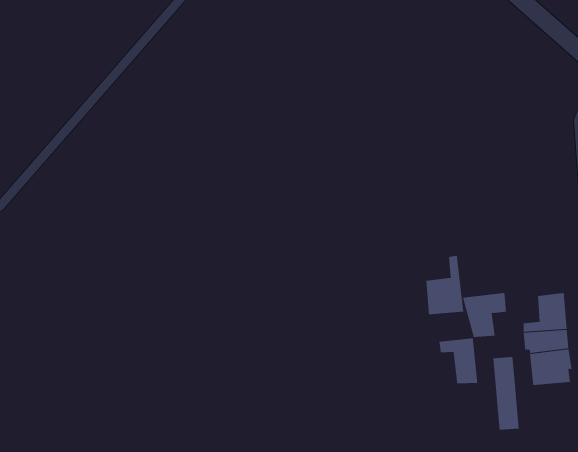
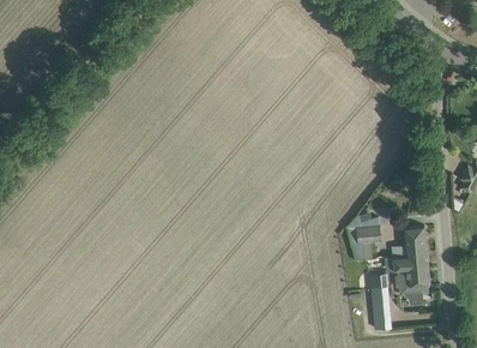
building: [426,255,464,315] -> none
building: [439,337,478,384] -> none

